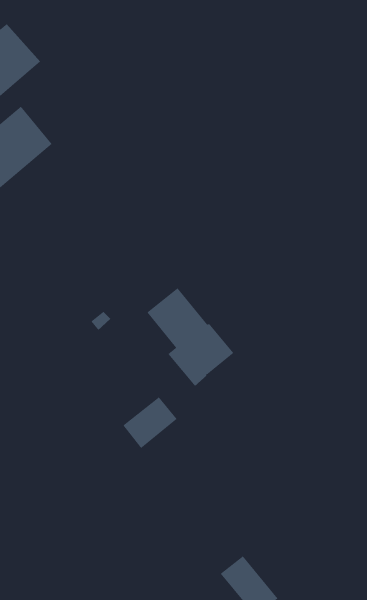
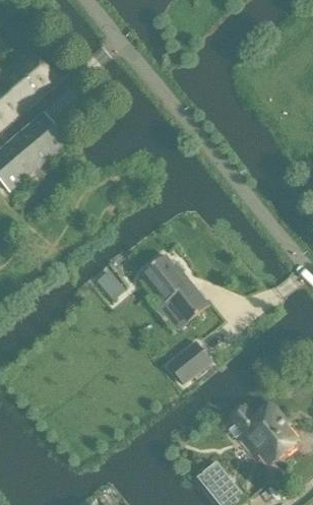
building: [123,397,177,449] -> [168,342,210,383]
building: none -> [232,403,297,463]

